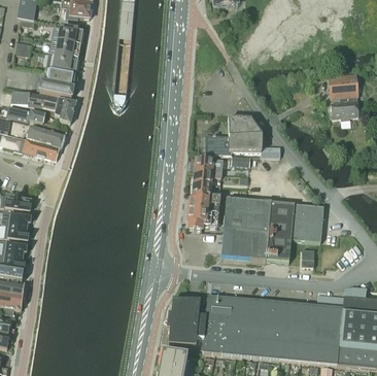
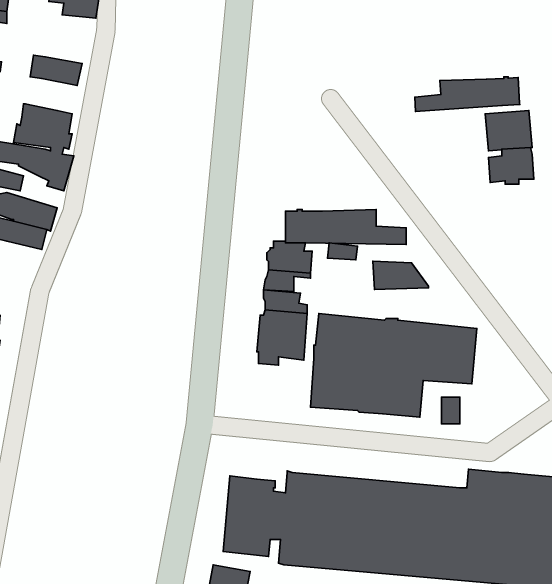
building: [50,25,82,44] -> none
building: none -> [415,77,520,111]
building: [45,53,77,75] -> none
building: [227,117,261,135] -> [373,261,428,290]

